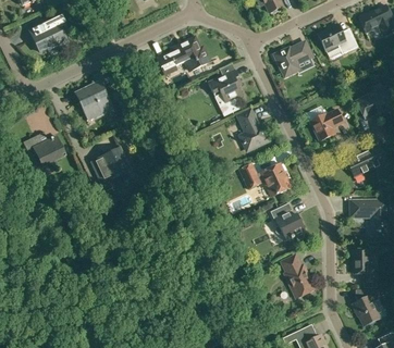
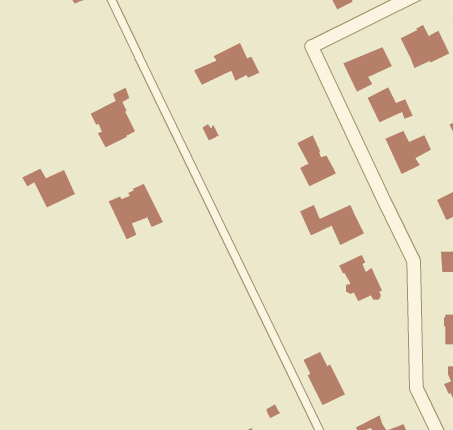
building: [29,14,66,52] -> none
building: [208,69,243,115] -> none
building: none -> [367,86,413,123]
building: [281,254,315,297] -> [303,351,346,406]

